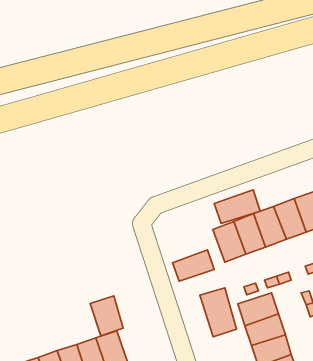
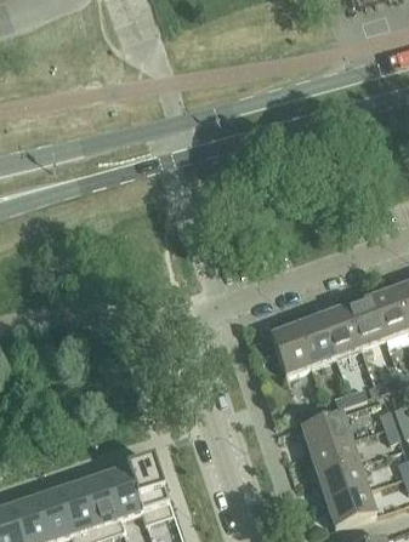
building: [214,190,260,224] -> none
building: [172,250,214,281] -> none
building: [200,288,237,337] -> none
building: [90,296,123,336] -> none

